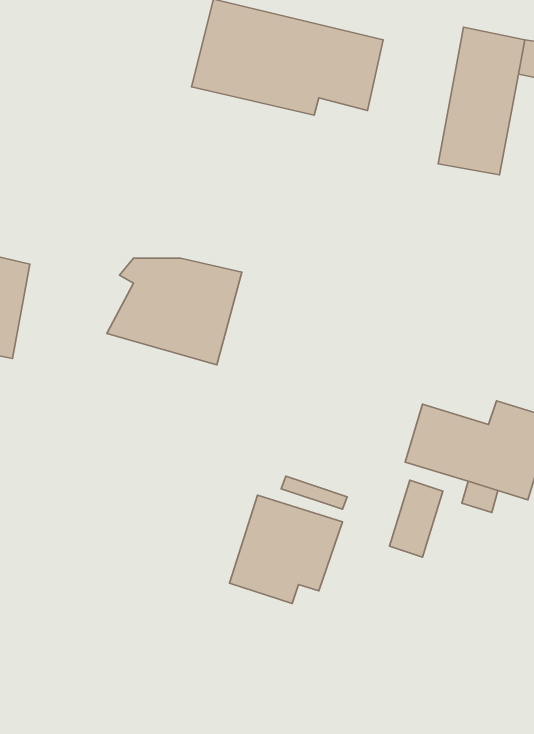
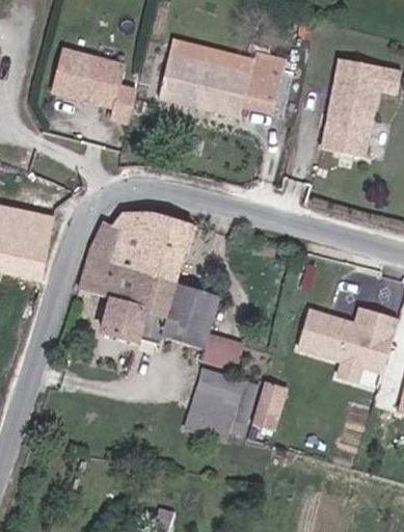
building: none -> [52,48,137,121]
building: none -> [78,218,217,346]
building: [390,480,443,557] -> [251,378,287,429]

